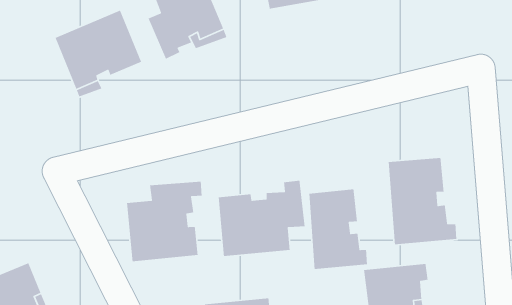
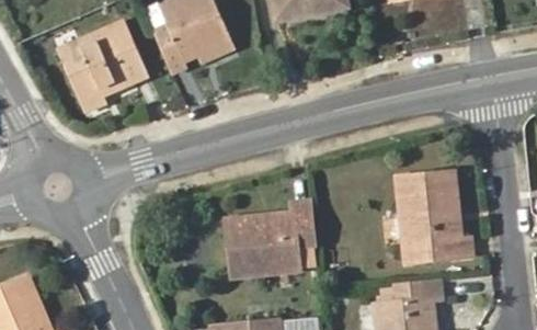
building: [126,181,202,262] -> none
building: [309,189,368,270] -> none

